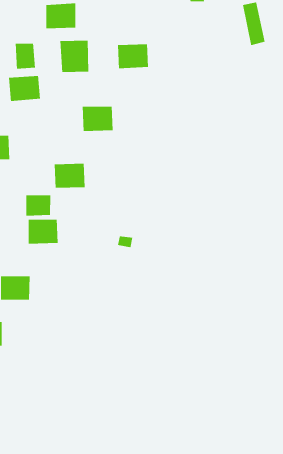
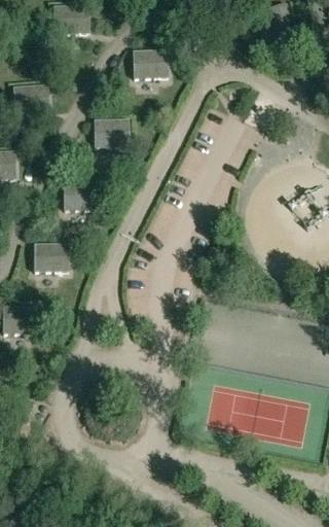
building: [60,40,89,73] -> none
building: [15,43,36,70] -> none
building: [26,195,51,216] -> none

